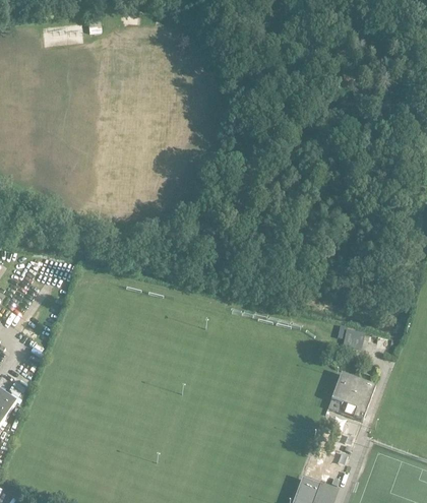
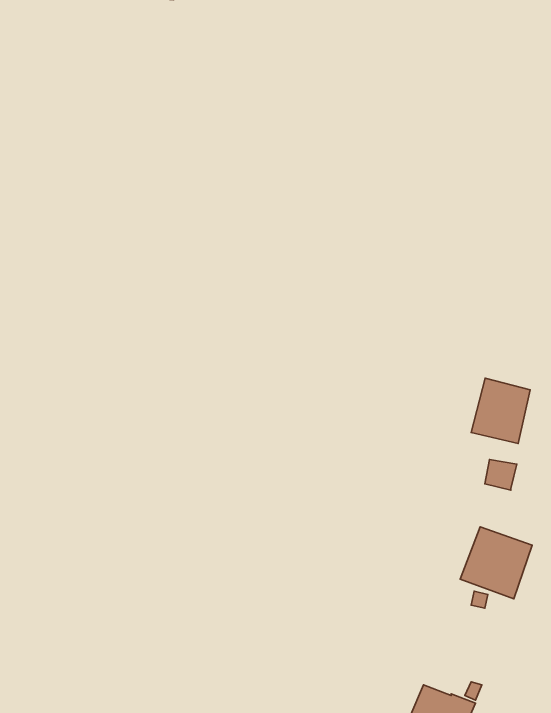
building: none -> [471,378,530,444]

